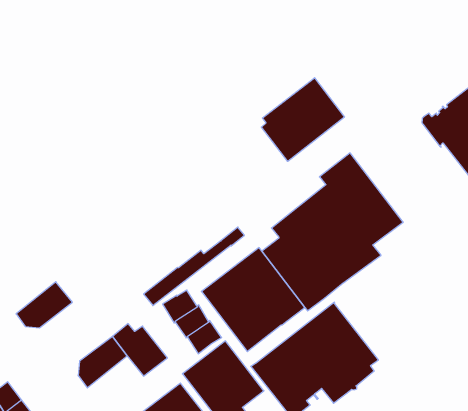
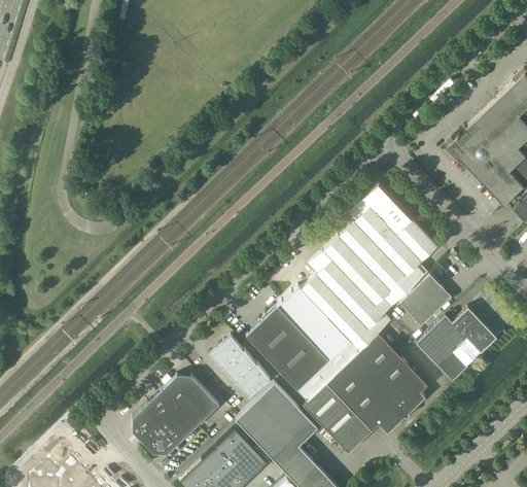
building: [261,78,344,161] -> none
building: [144,227,244,306] -> [297,315,391,402]
building: none -> [399,276,452,327]
building: [16,282,72,328] -> [143,408,198,455]
building: none -> [417,308,497,381]

